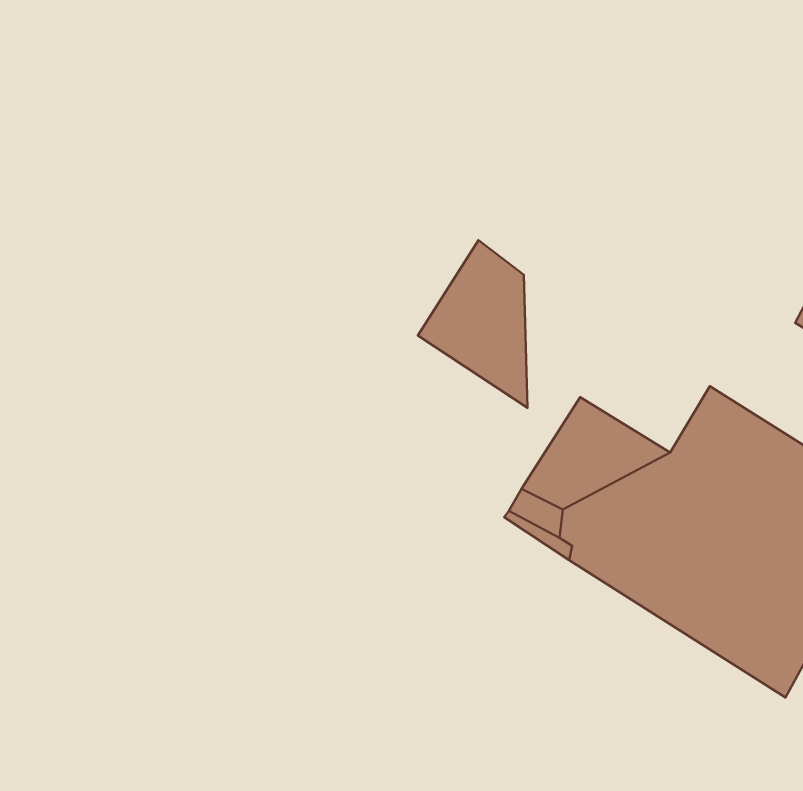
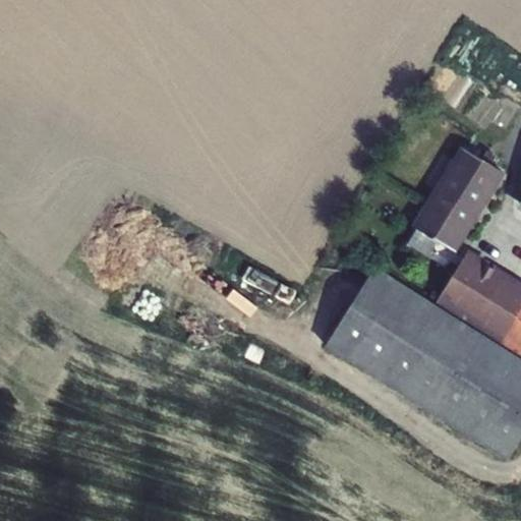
building: none -> [414,154,499,253]
building: [418,240,527,408] -> none

